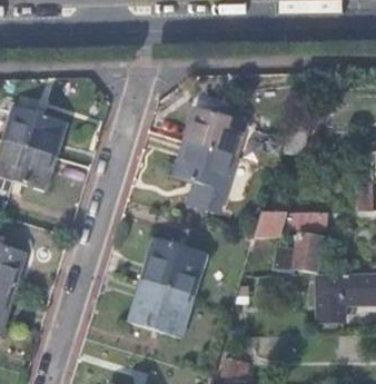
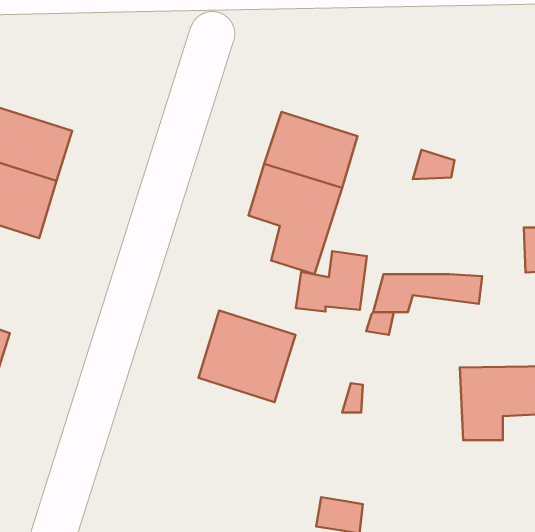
building: [271,233,317,272] -> [296,251,367,312]
building: [131,279,194,336] -> none

